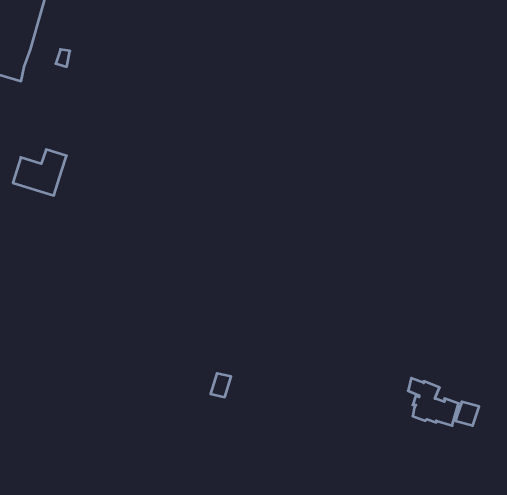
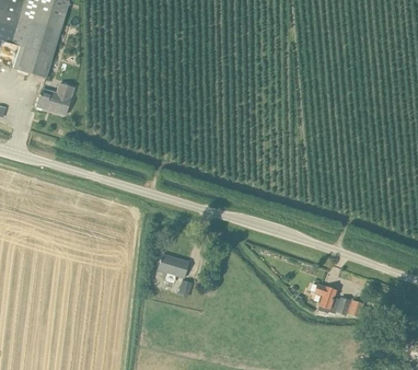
building: [13,150,67,195] -> [36,83,73,115]
building: none -> [156,254,188,278]

